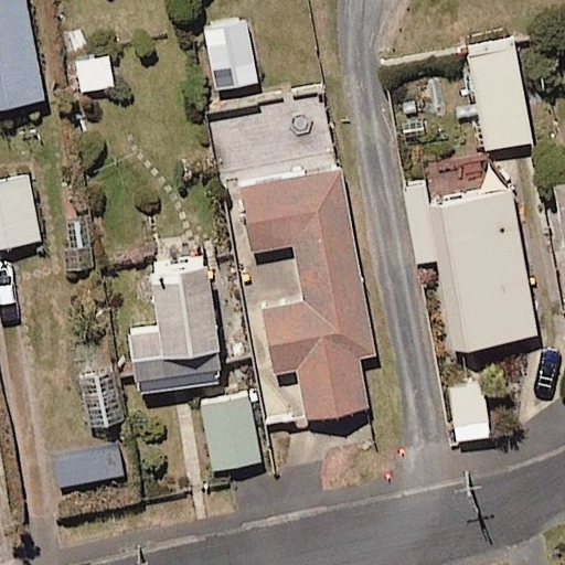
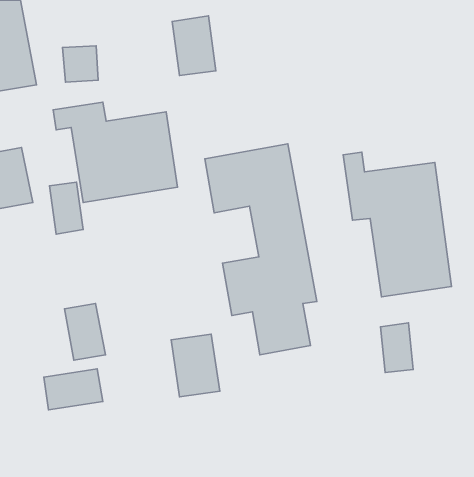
building: [469,39,530,149] -> none
building: none -> [53,102,177,203]
building: [134,266,230,395] -> none

